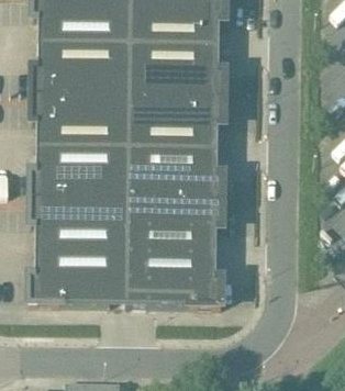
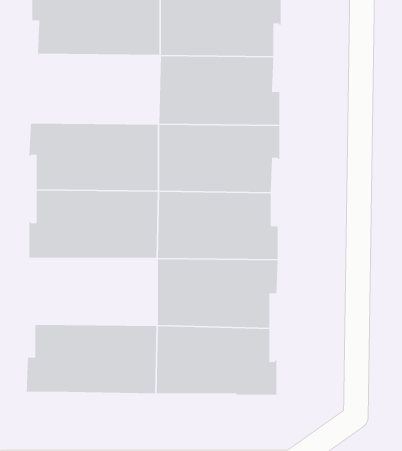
building: [34,45,134,99] -> none
building: [32,202,132,254] -> none

